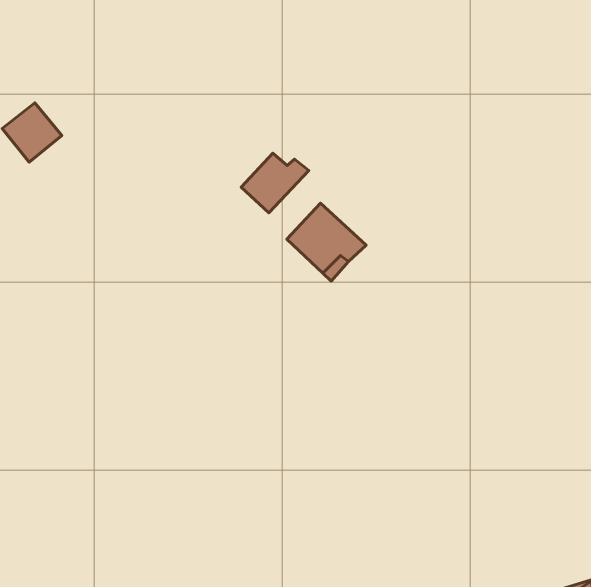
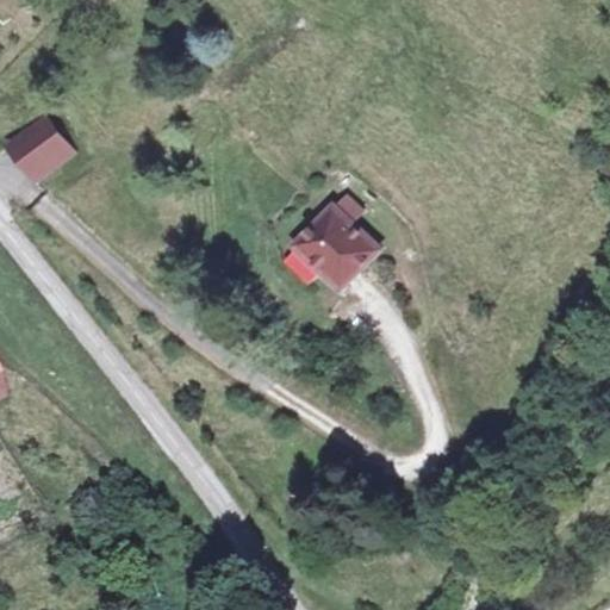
building: [241,153,309,213] -> none

